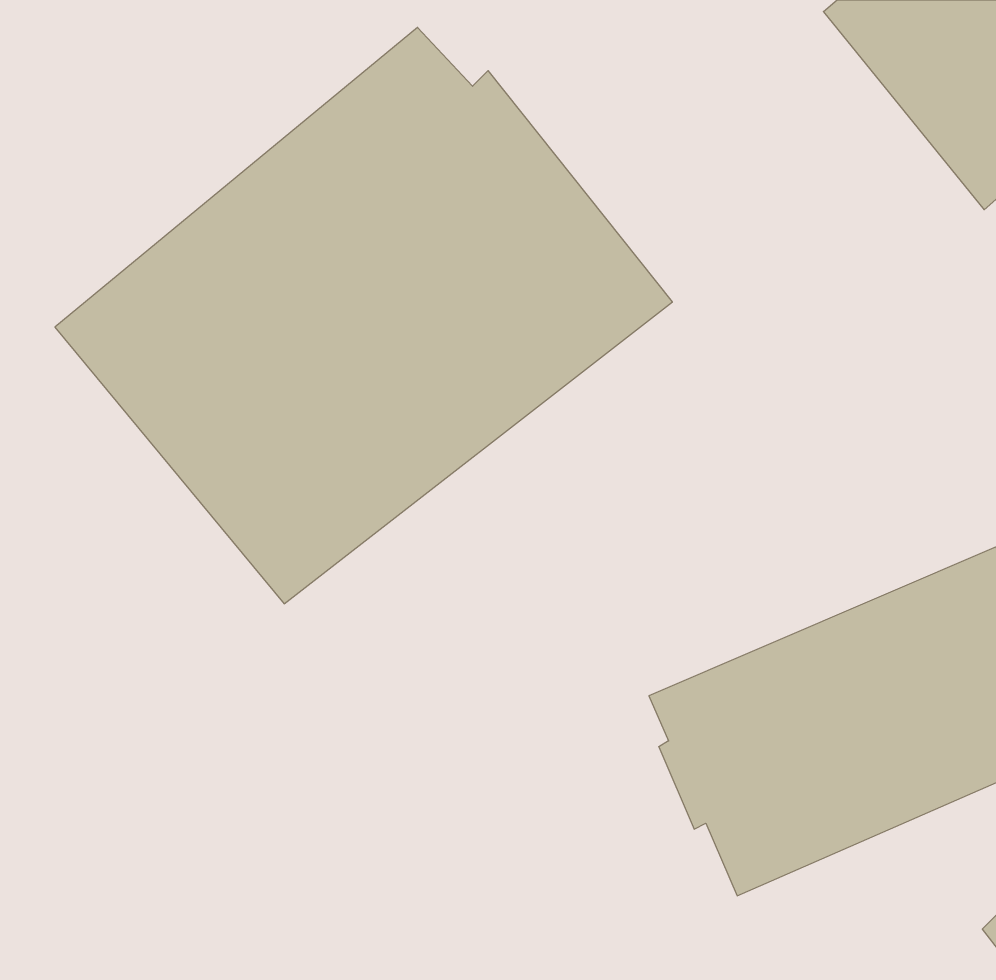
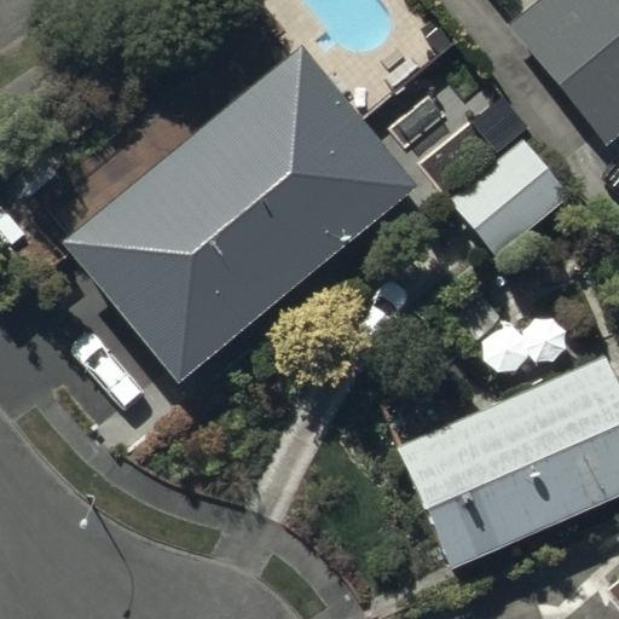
building: none -> [447,96,578,260]

